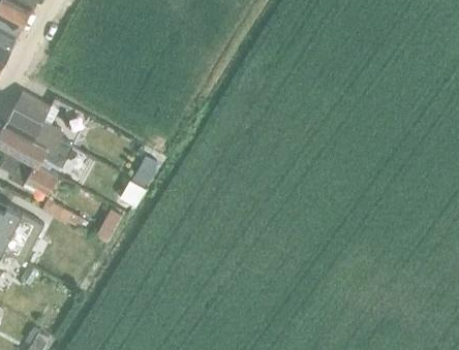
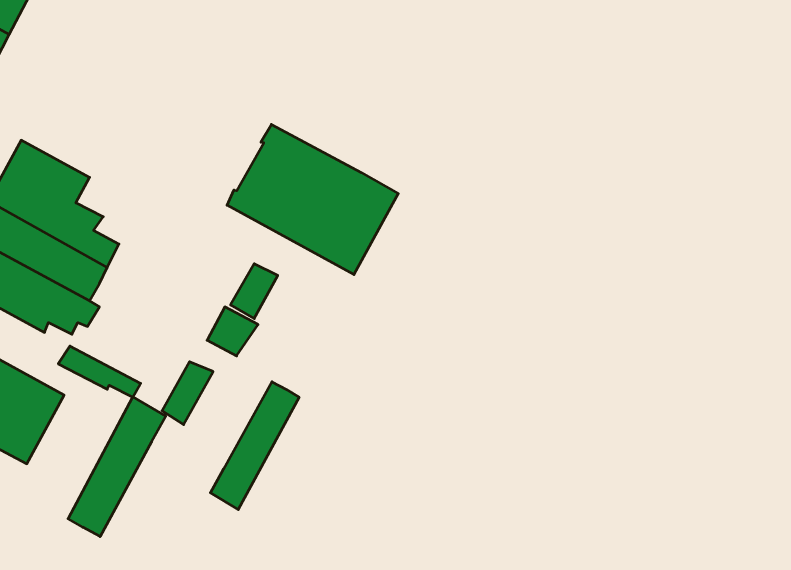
building: none -> [227,124,398,275]
building: none -> [210,382,299,510]
building: none -> [68,397,166,537]

